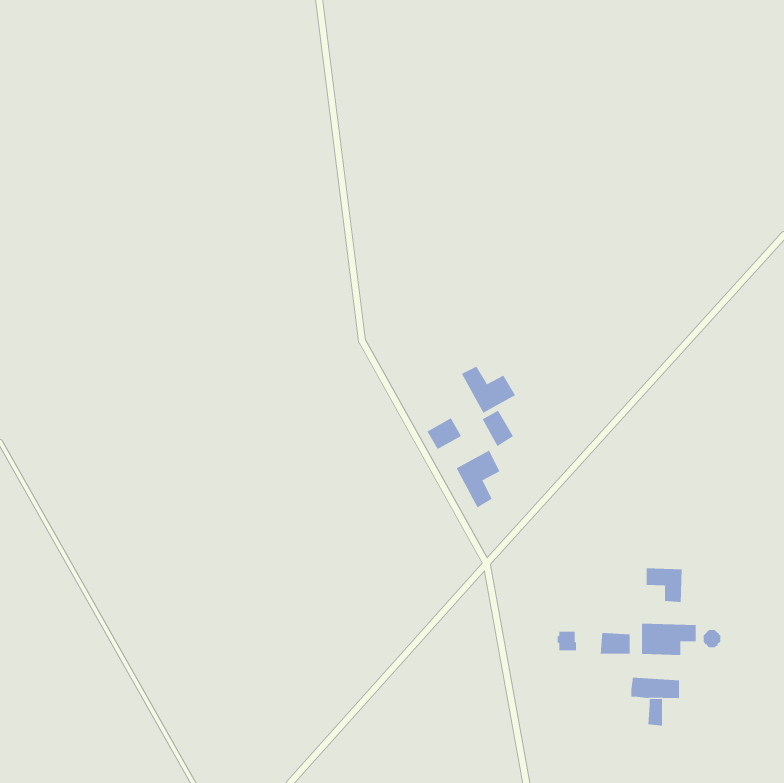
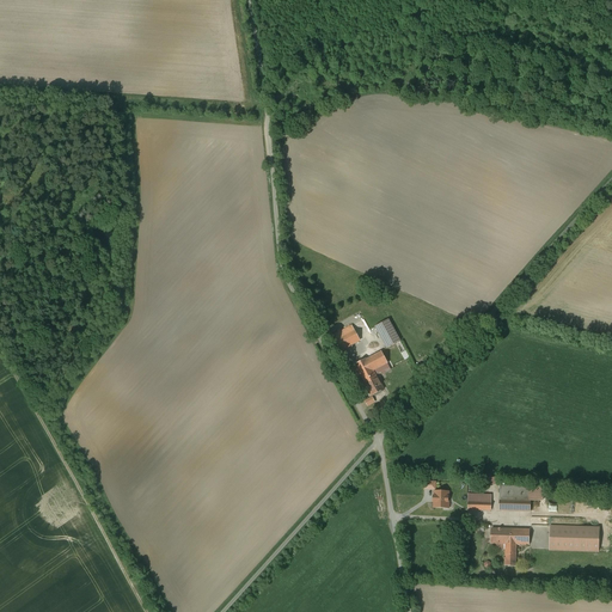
building: [461,366,516,413] -> none
building: [646,568,682,603] -> none
building: none -> [550,525,599,551]

